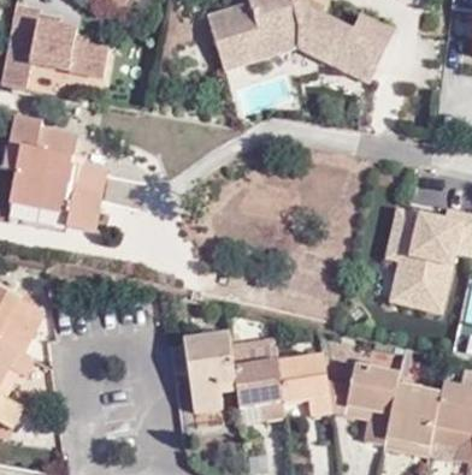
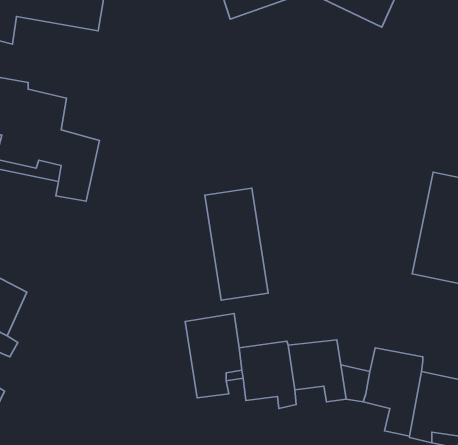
building: none -> [205,188,268,300]

